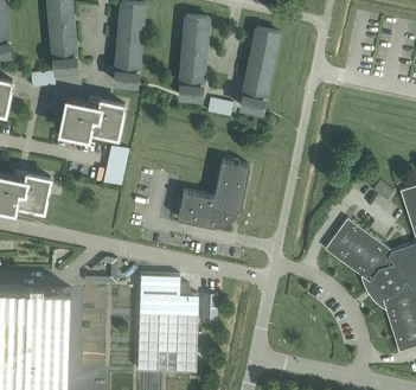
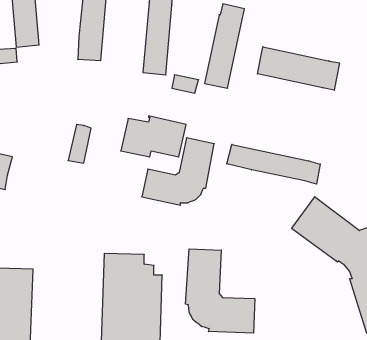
building: none -> [257,47,340,90]
building: [60,98,124,139] -> [121,116,186,157]
building: none -> [227,144,320,184]
building: none -> [186,249,255,333]

